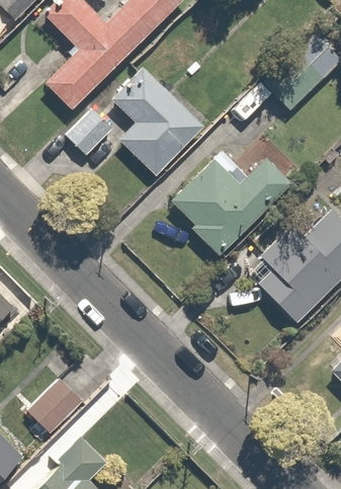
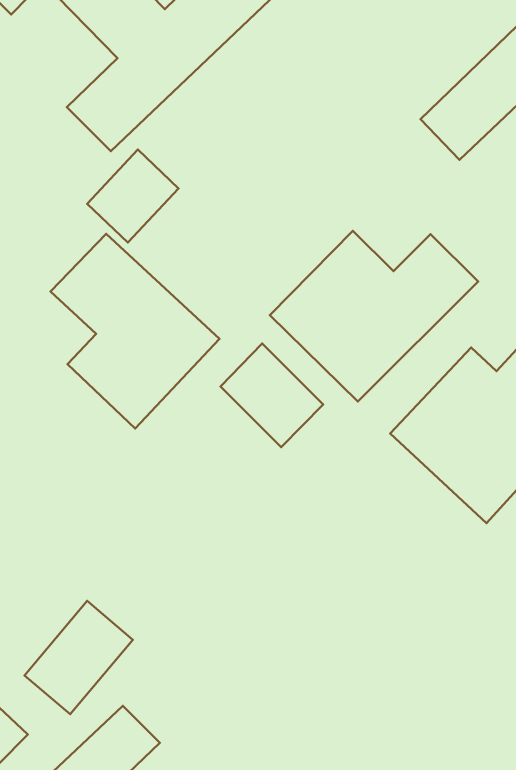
building: [109,65,210,181] -> [50,234,220,428]
building: none -> [220,344,323,447]

